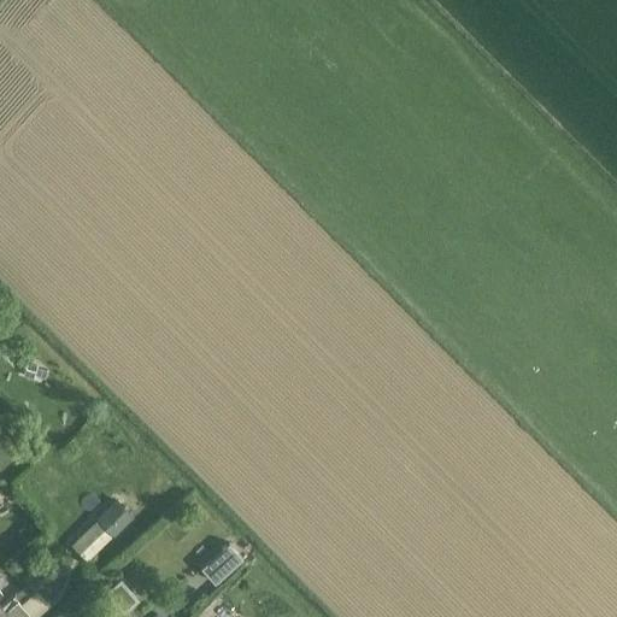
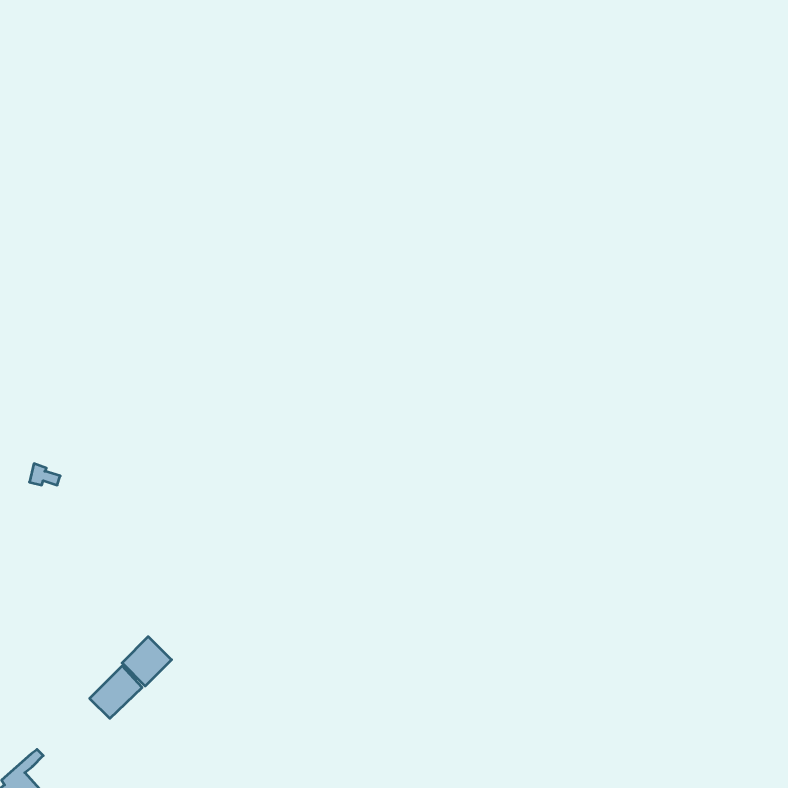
building: [201,545,241,584] -> none

